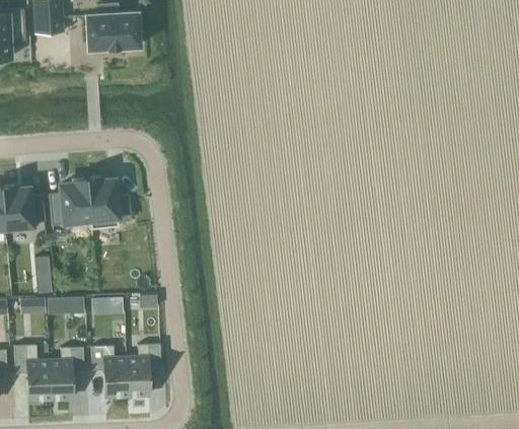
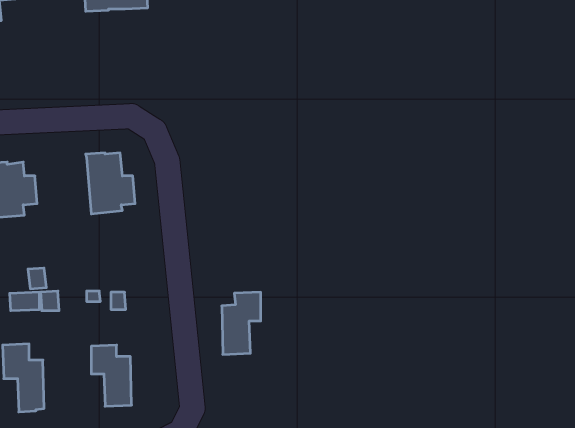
building: [49,176,91,229] -> none
building: [126,343,160,398] -> [222,292,261,354]
building: [49,346,84,401] -> none

